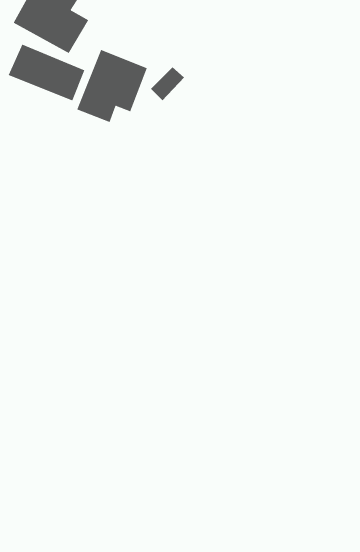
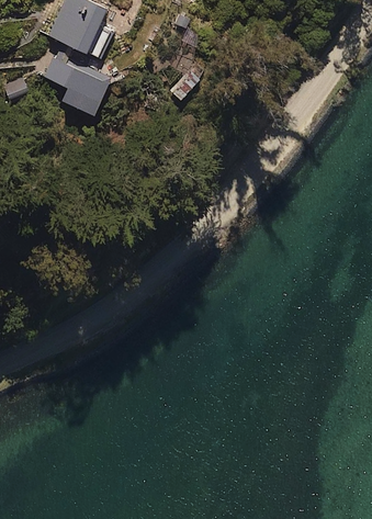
building: [76,49,147,123] -> none

